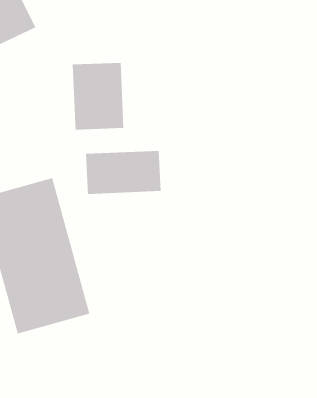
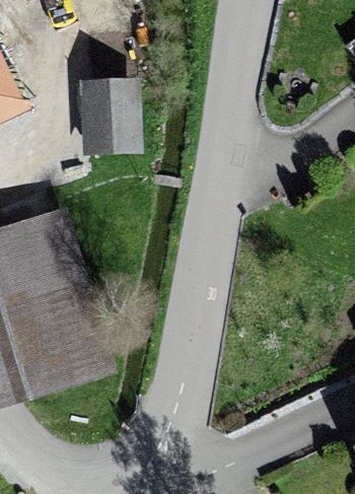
building: [85,150,161,195] -> none

